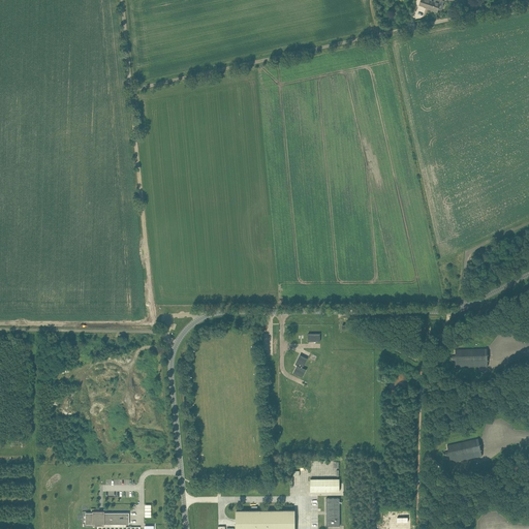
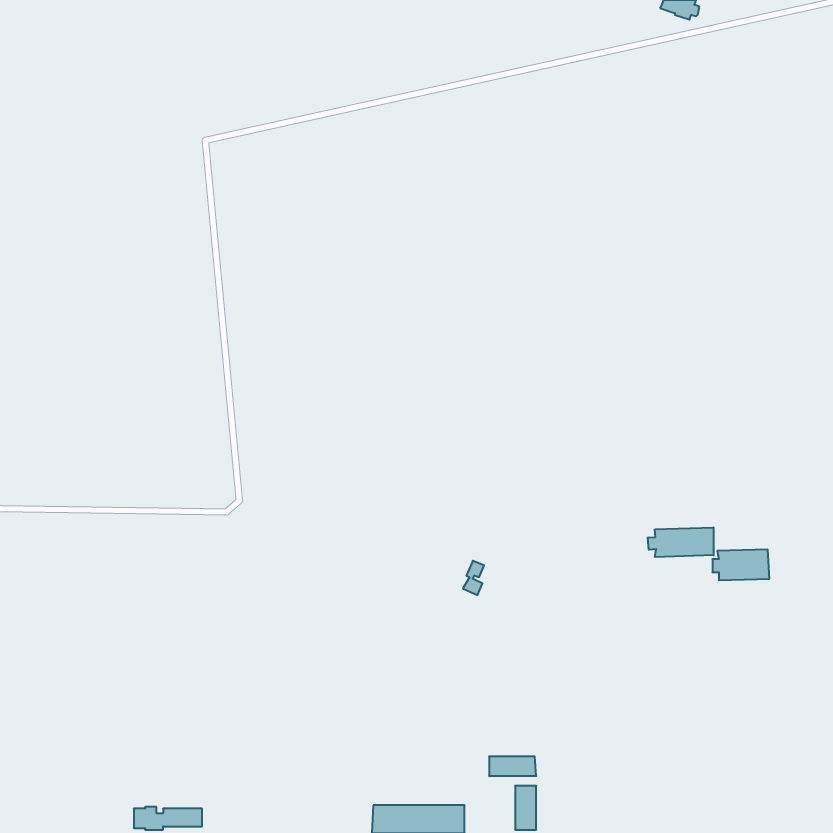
building: none -> [648,527,714,557]
building: [444,438,483,463] -> none

